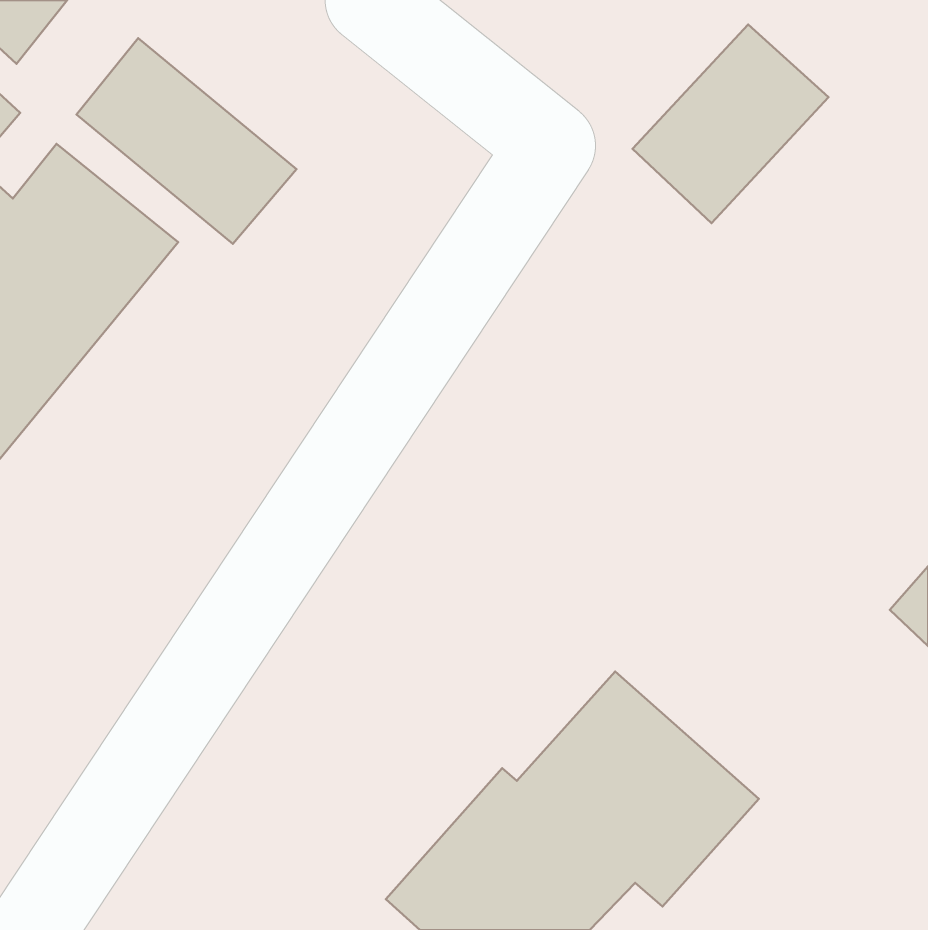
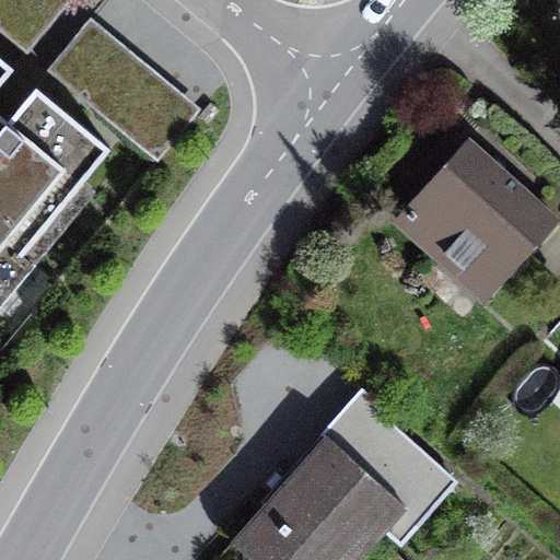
building: [633,25,828,223] -> none
building: none -> [404,141,553,338]

